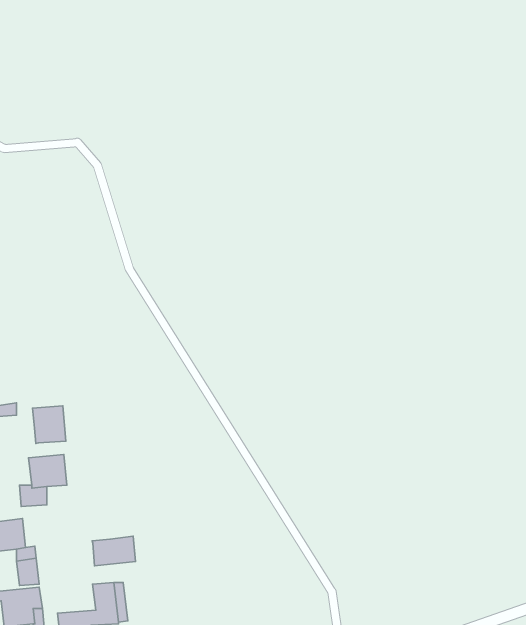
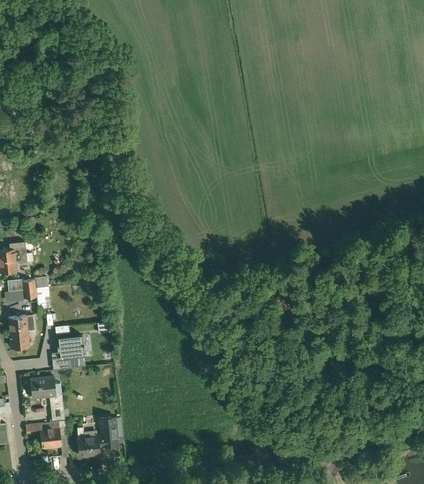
building: [33,406,66,444] -> none
building: [92,536,136,566] -> none

